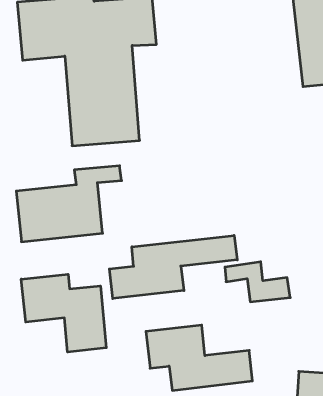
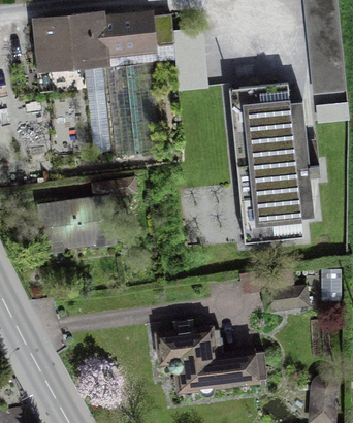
building: none -> [231,85,308,246]
building: [109,235,237,299] -> none
building: [21,274,106,352] -> none

